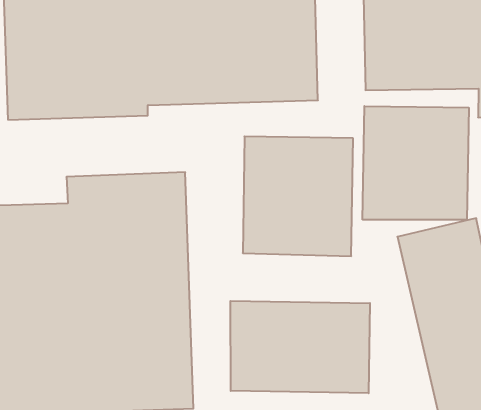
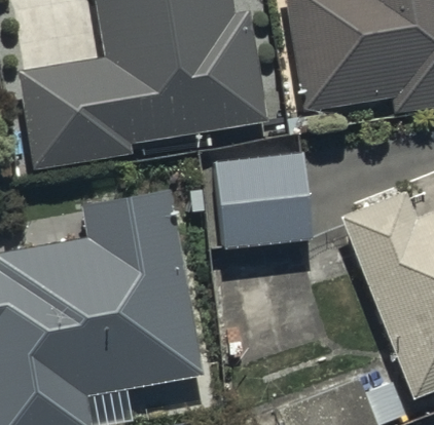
building: [363,106,469,220] -> none
building: [230,301,370,393] -> none

